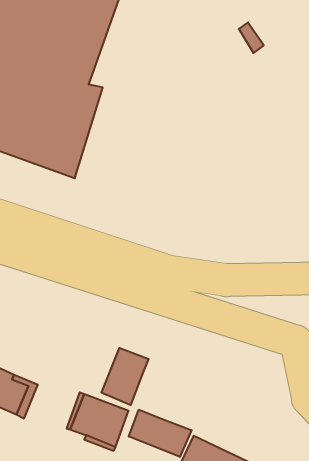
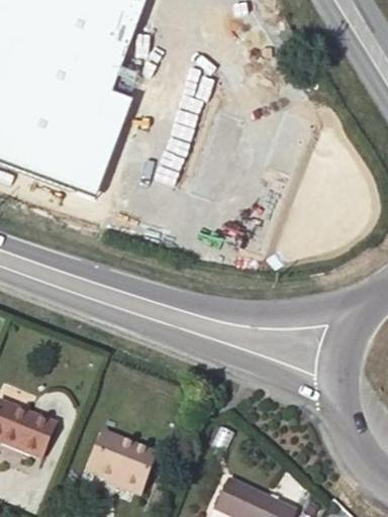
building: [102,348,149,405] -> none
building: [129,410,192,457] -> none

